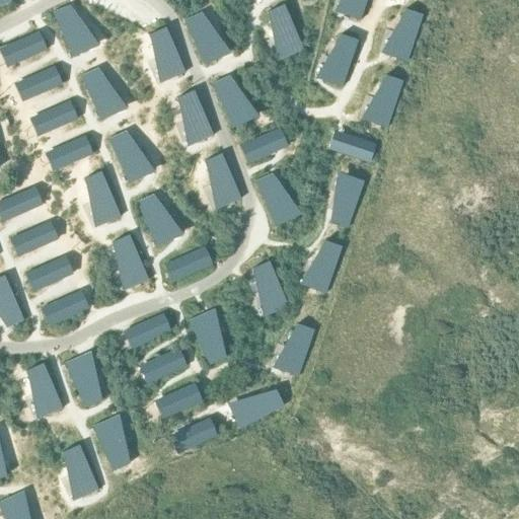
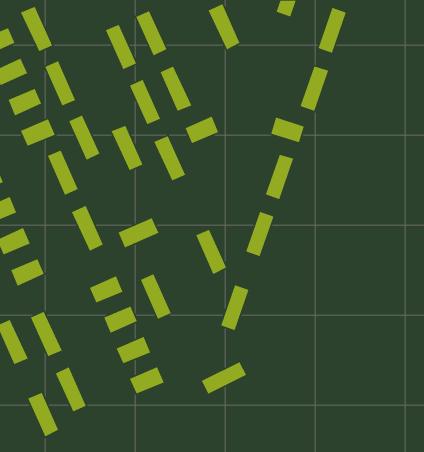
building: [324,33,358,87] -> none
building: [253,173,291,226] -> none
building: [135,194,172,246] -> [111,125,144,171]
building: [230,389,283,428] -> [201,361,247,395]

